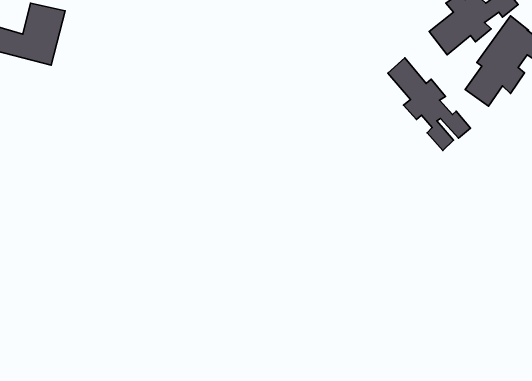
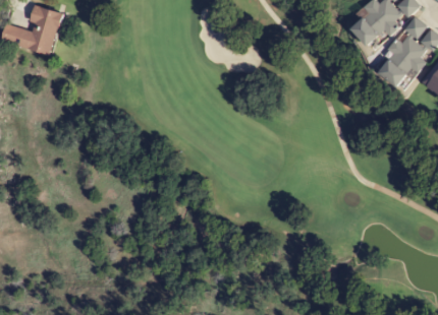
building: [388,58,470,151] -> none

